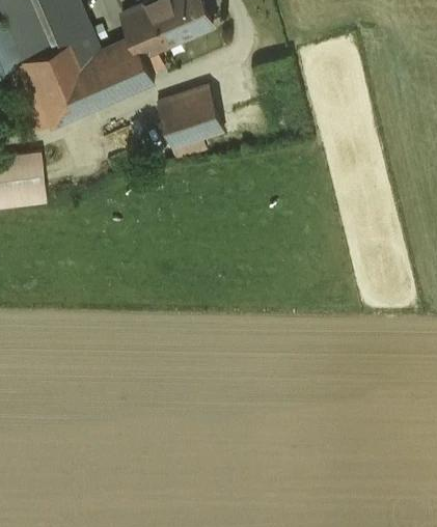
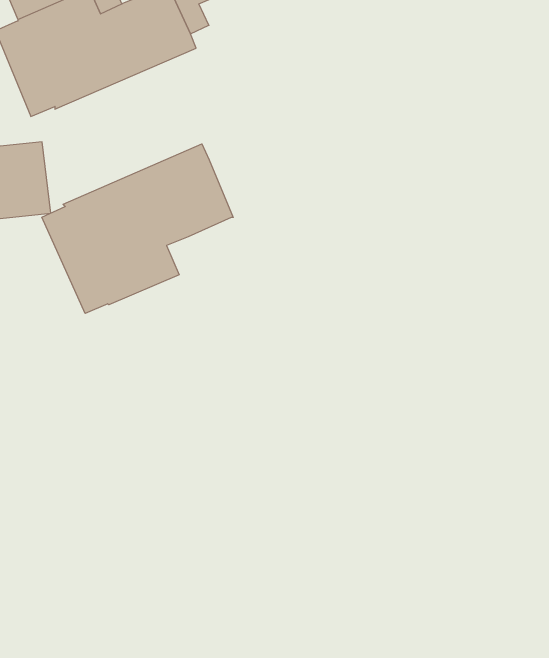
building: [155,84,221,146] -> none
building: none -> [42,144,233,313]

